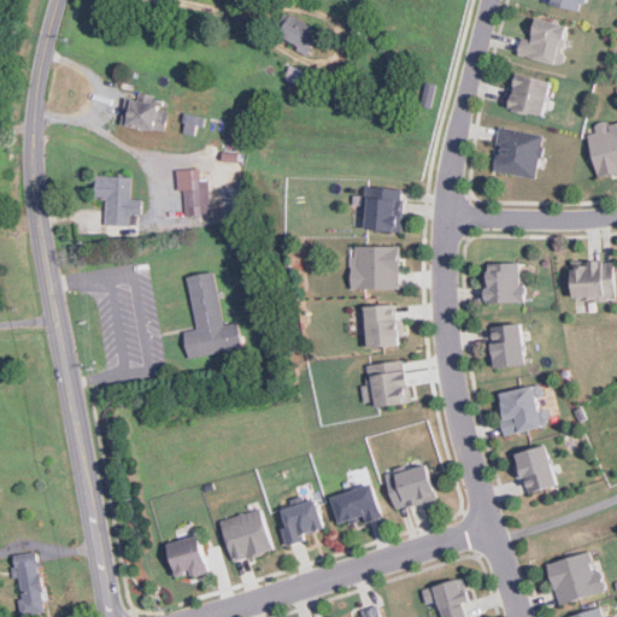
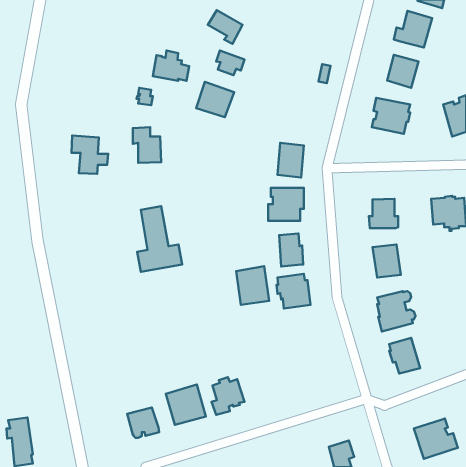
building: [119,94,168,134] -> [153,51,189,81]
building: none -> [196,82,234,117]
building: none -> [236,266,269,305]
building: [382,464,435,509] -> none
building: [330,484,380,523] -> none

